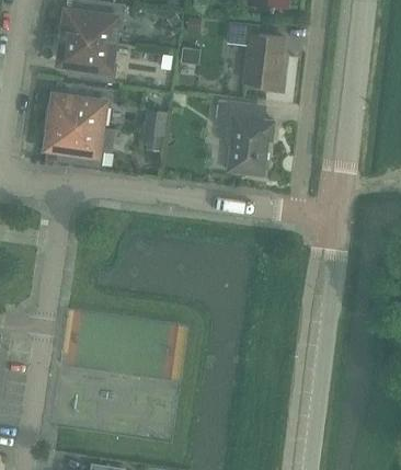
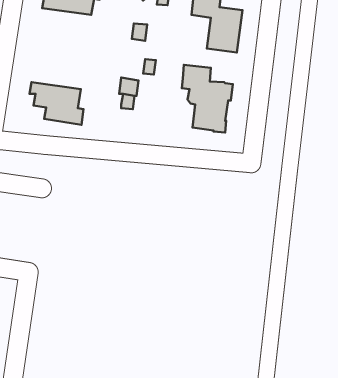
building: [54,36,116,84] -> none
building: [44,84,112,128] -> none

